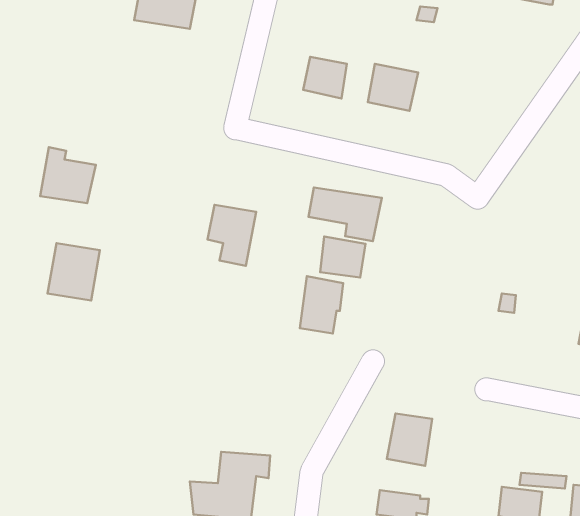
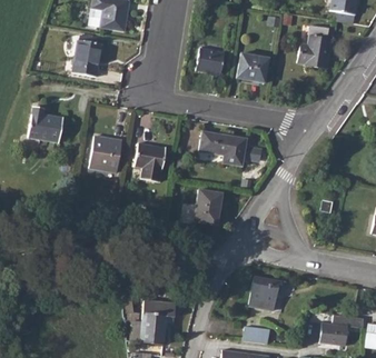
building: none -> [297,26,333,68]
building: none -> [72,39,102,76]
building: [320,237,365,277] -> none
building: [48,243,100,301] -> [89,135,122,171]

